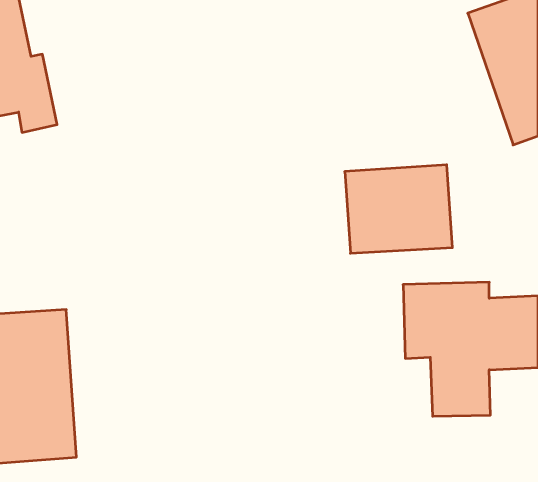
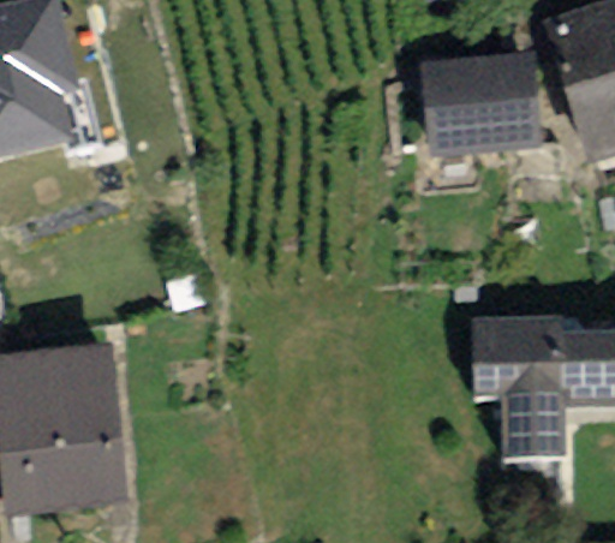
building: [345,165,452,253] -> [420,60,535,154]

